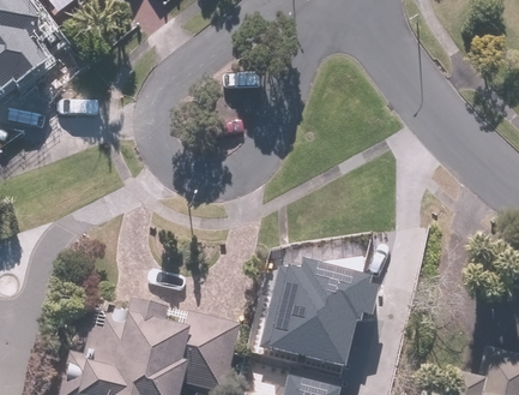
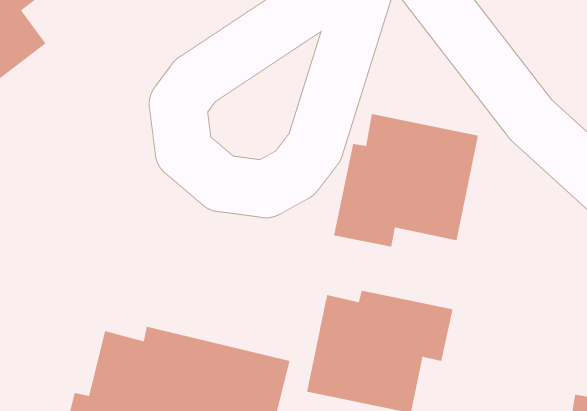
building: none -> [333,113,479,247]

